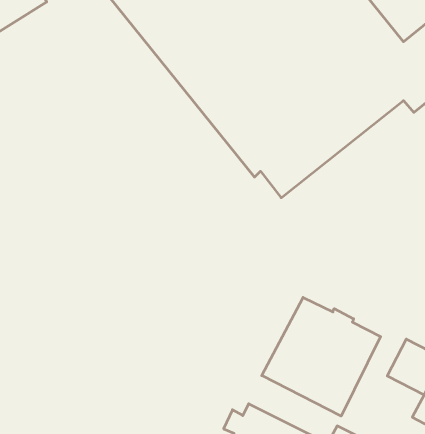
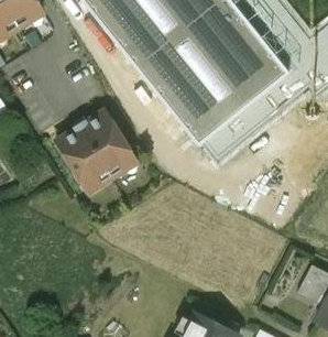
building: none -> [56,109,138,193]
building: [262,297,381,416] -> none

